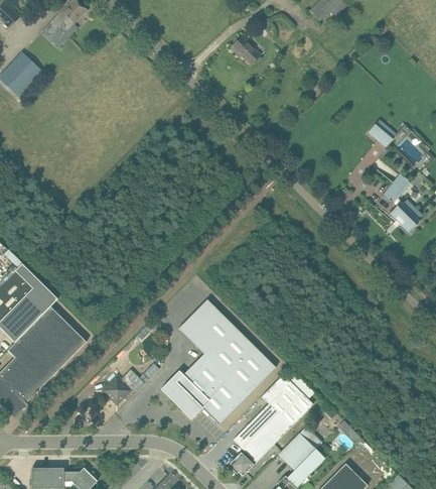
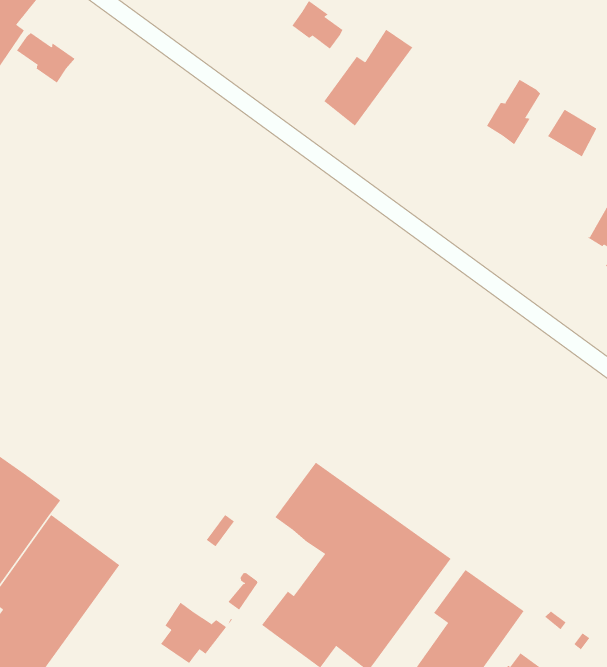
building: none -> [16,32,76,83]
building: none -> [323,29,413,127]
building: none -> [486,79,541,145]

